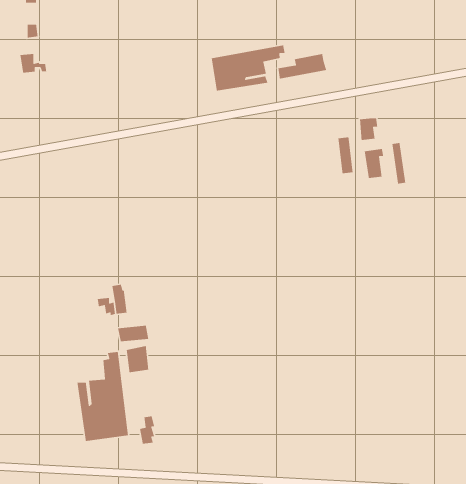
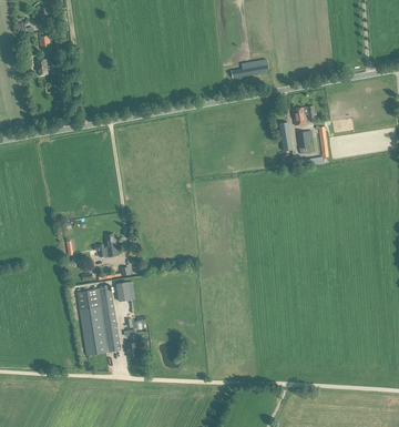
building: [211,45,285,91] -> none

